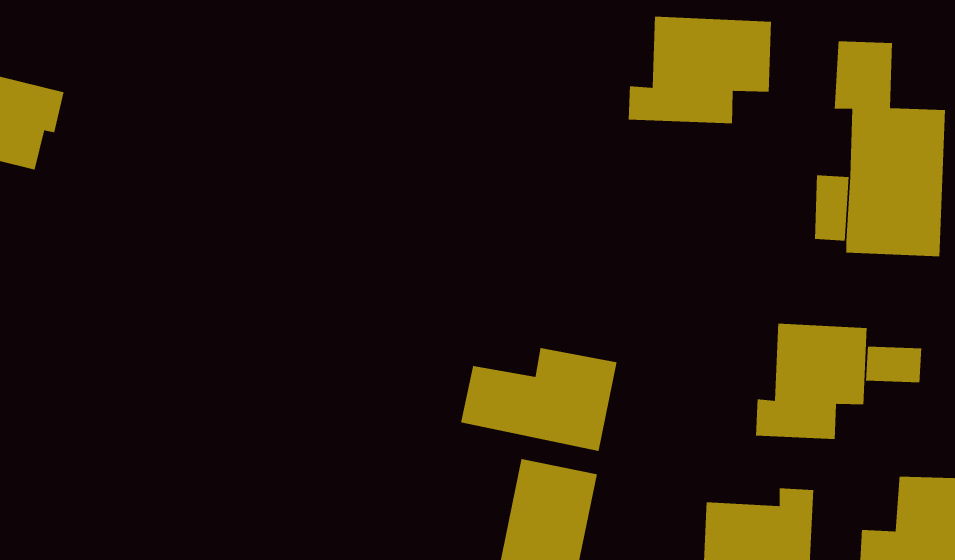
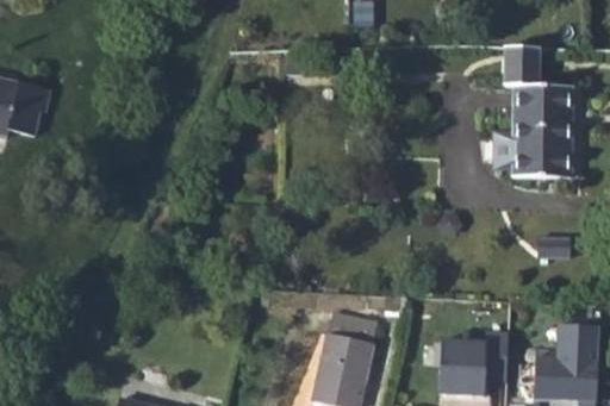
building: [628,16,772,124] -> none
building: [755,323,868,440] -> none
building: [460,347,618,452] -> none

